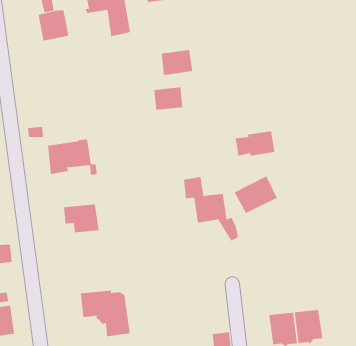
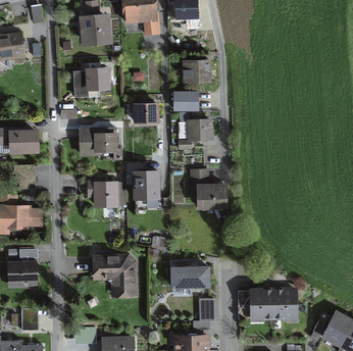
building: none -> [73,69,108,96]
building: none -> [135,101,156,122]
building: [235,131,275,156] -> [178,119,210,139]
building: [234,176,277,214] -> none
building: none -> [134,170,169,210]
building: none -> [171,266,207,286]

